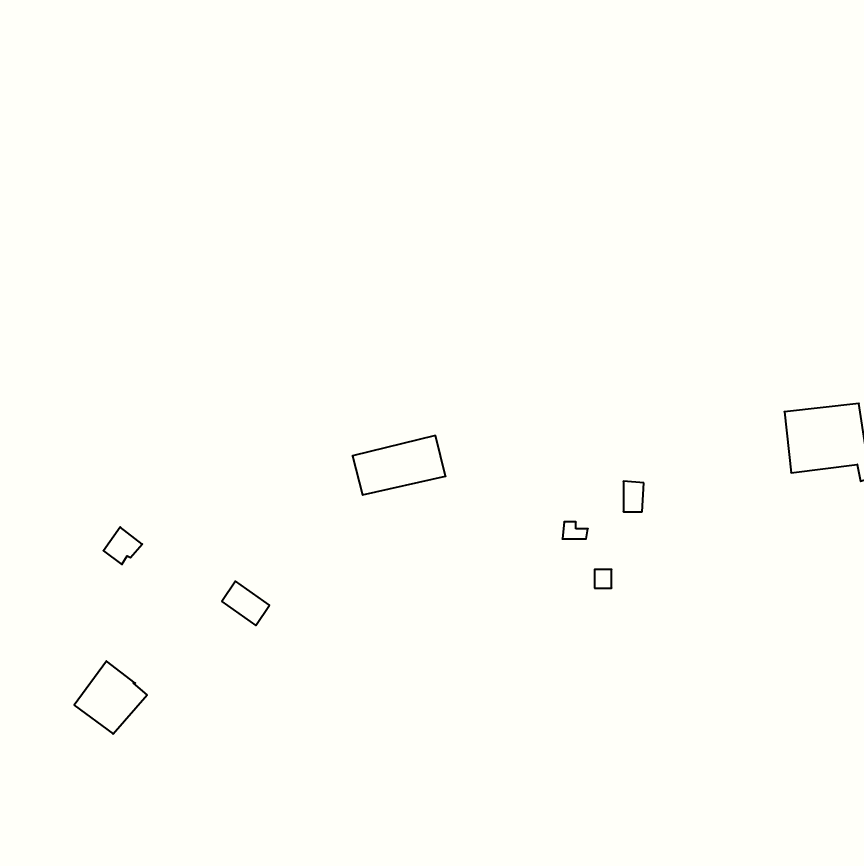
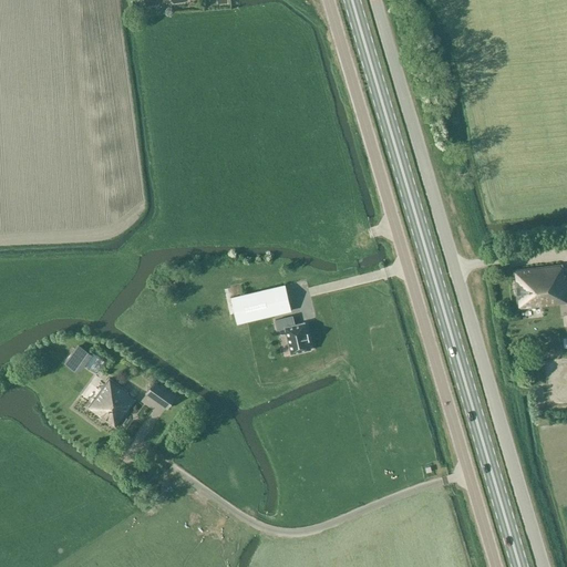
building: none -> [276,316,311,353]
building: [74,661,147,734] -> [89,378,136,425]

